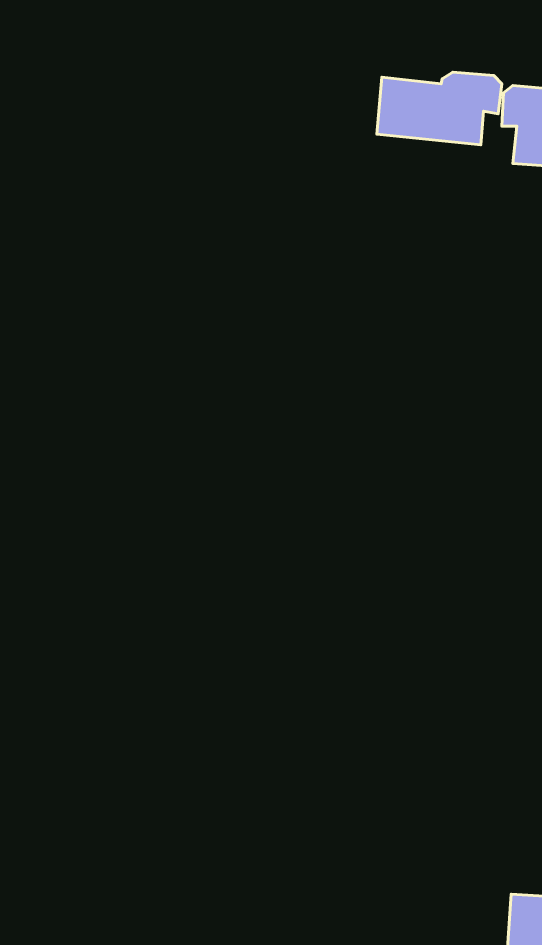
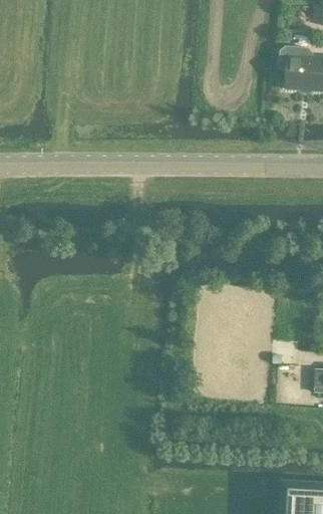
building: [377,72,502,145] -> none

